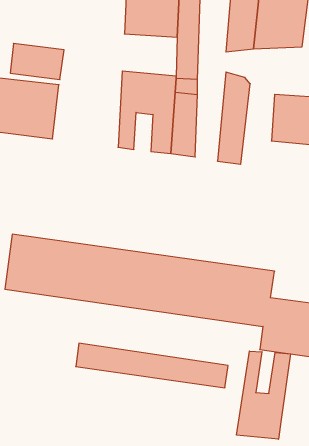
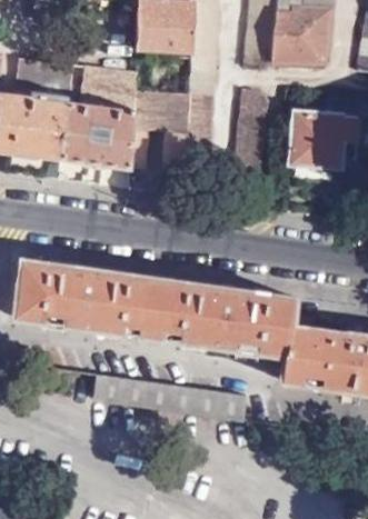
building: none -> [61,80,136,168]
building: [237,351,291,439] -> none

